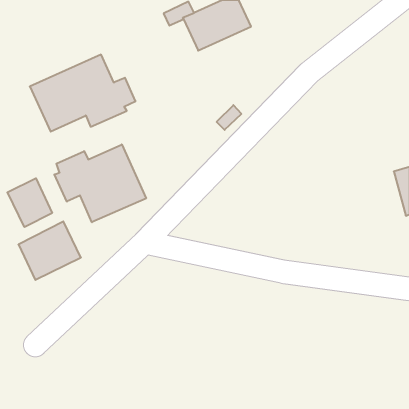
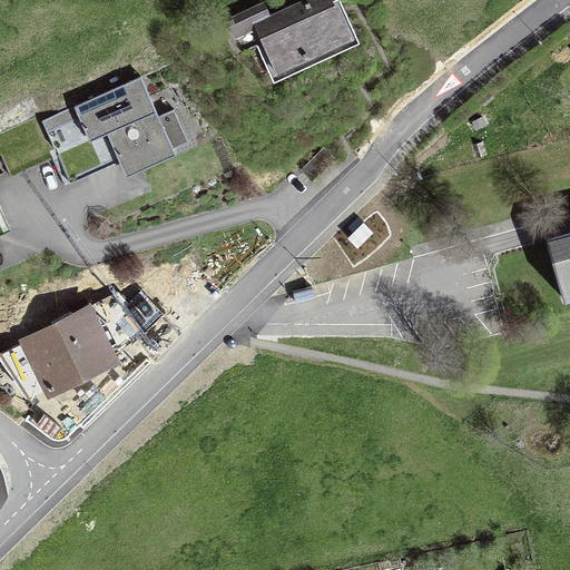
building: [54,144,146,222] -> none
building: [7,178,52,227] -> none

